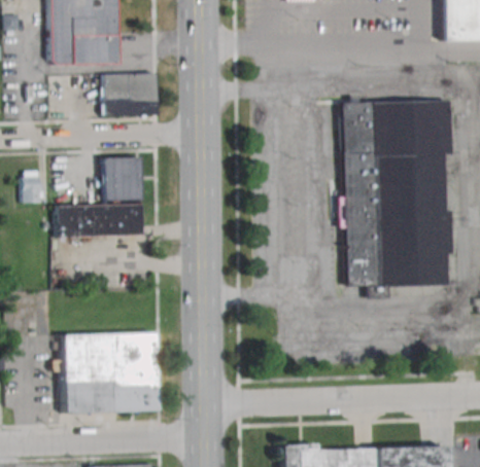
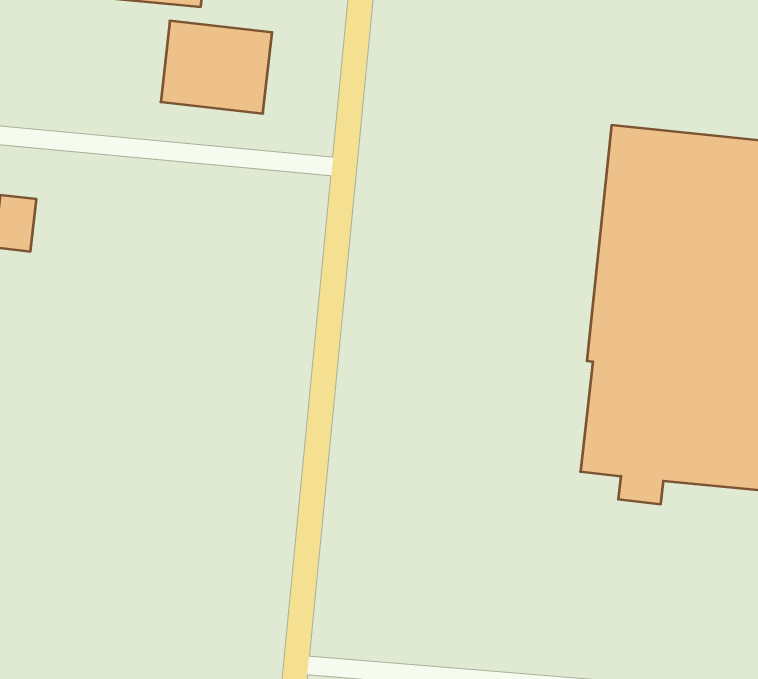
building: [57,156,142,237] -> none
building: [62,331,157,411] -> none

